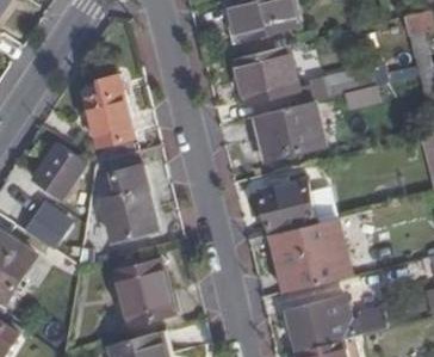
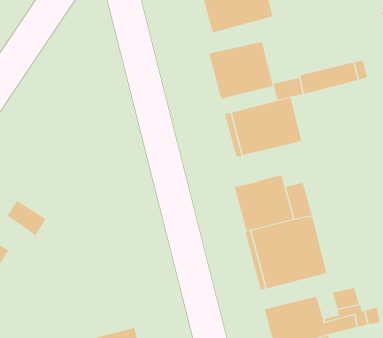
building: [89,74,138,159] -> none
building: [35,144,83,197] -> none
building: [101,166,156,239] -> none
building: [116,259,174,322] -> none

